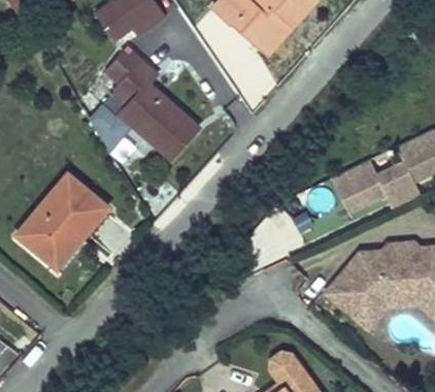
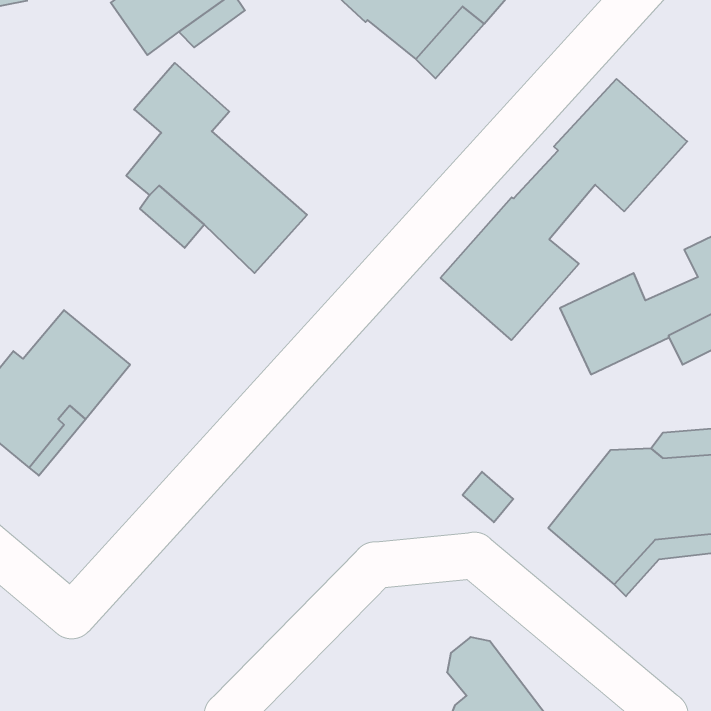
building: none -> [441,79,687,340]

